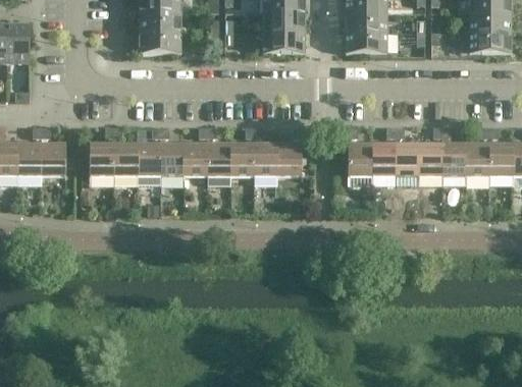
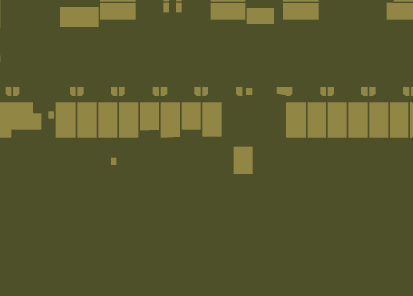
building: none -> [59,6,99,28]
building: none -> [246,7,275,25]
building: [277,143,301,174] -> [233,146,254,174]

